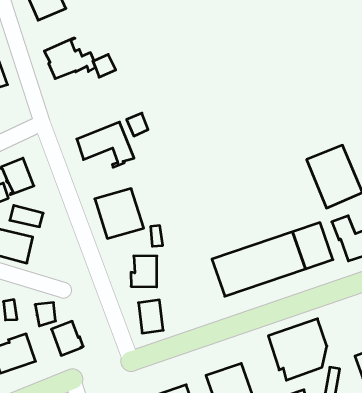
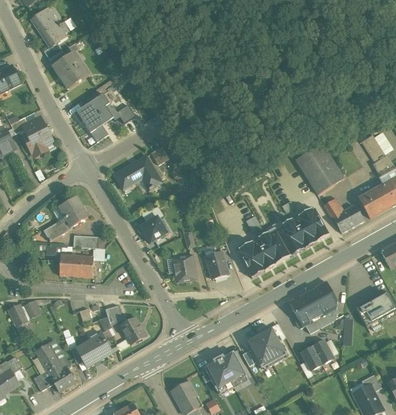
building: [138,300,163,333] -> [205,250,228,278]

